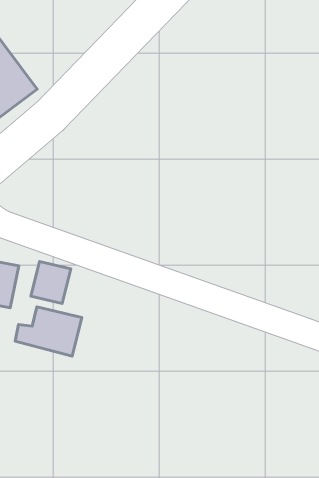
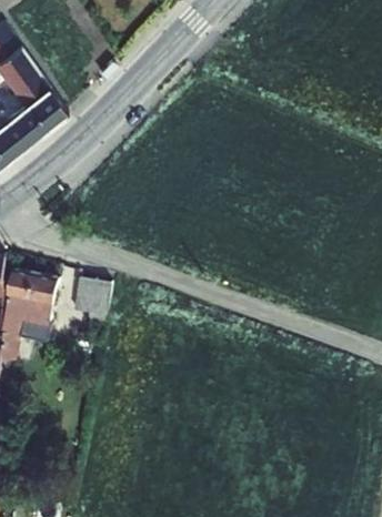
building: [15,307,82,356] -> none

